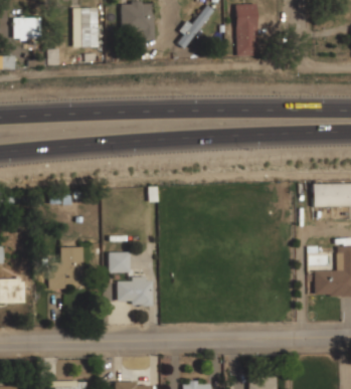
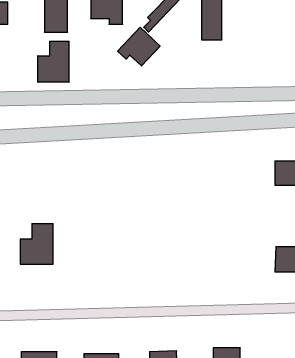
building: none -> [118,27,160,66]
building: none -> [38,41,69,82]
building: [109,252,129,272] -> none
building: [117,280,153,306] -> none

